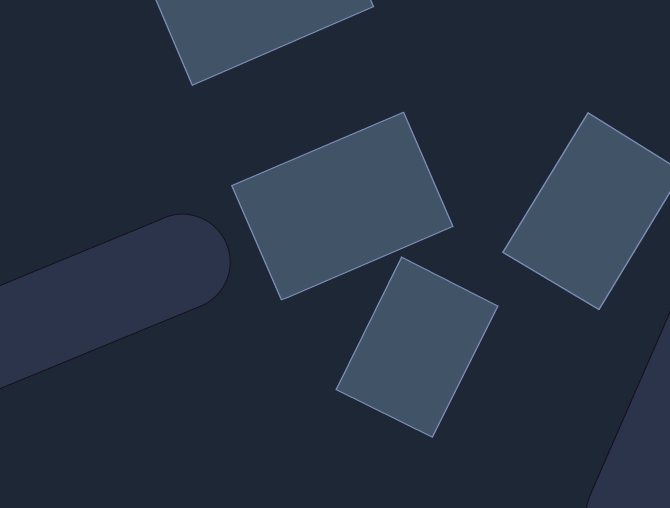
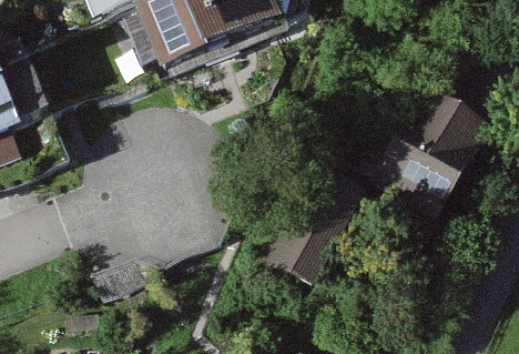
building: [232,112,453,300] -> none

